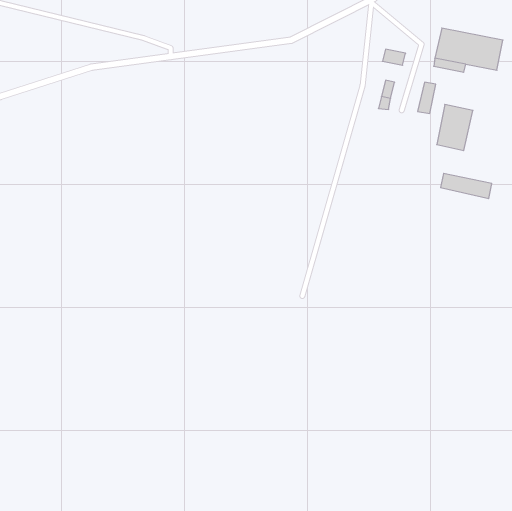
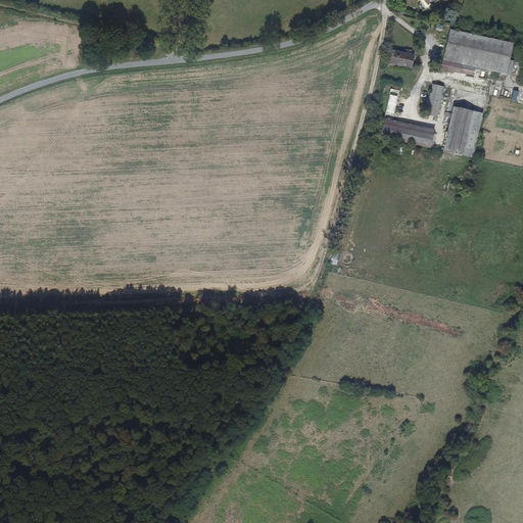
building: [441,173,492,199] -> [381,117,433,143]

